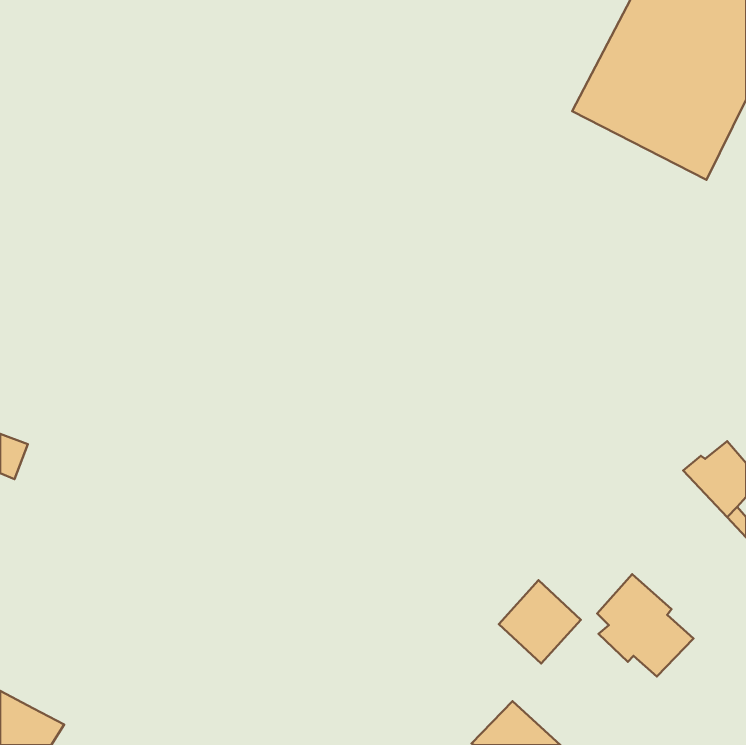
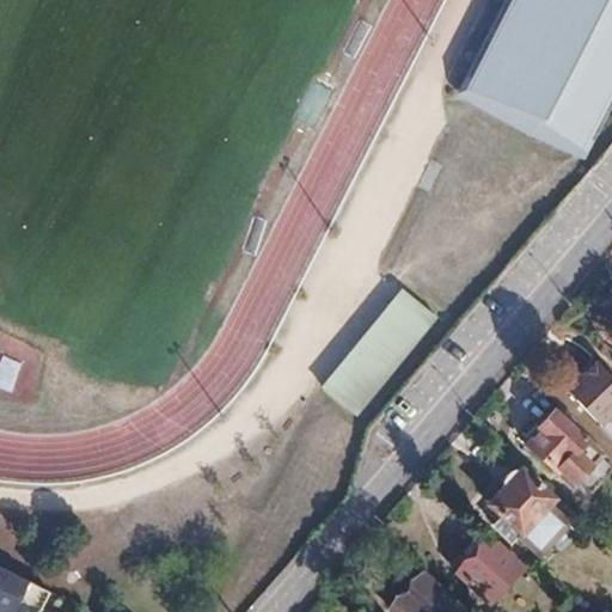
building: none -> [330,287,440,412]
building: none -> [526,411,596,484]
building: [499,580,581,663] -> [454,536,521,604]

